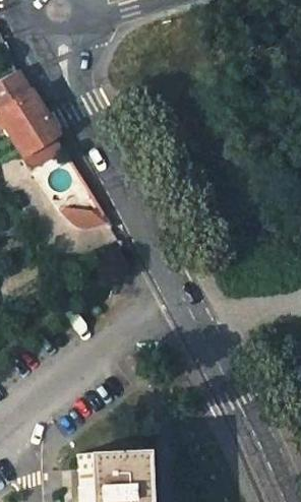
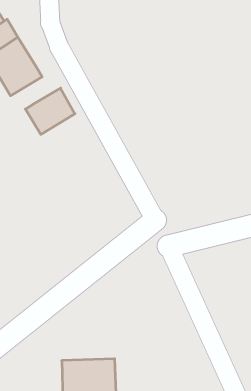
building: none -> [25,88,75,134]

